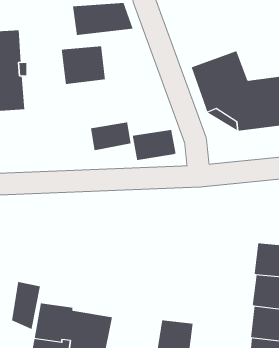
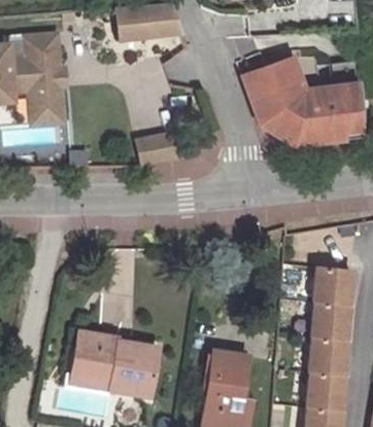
building: [61,45,106,85] -> none
building: [132,129,176,161] -> none
building: [12,281,40,330] -> none

